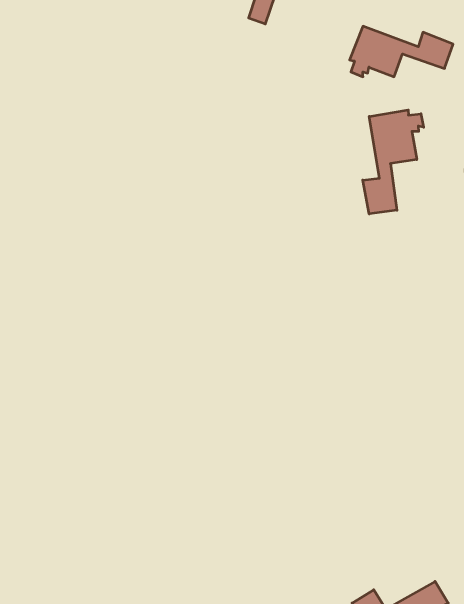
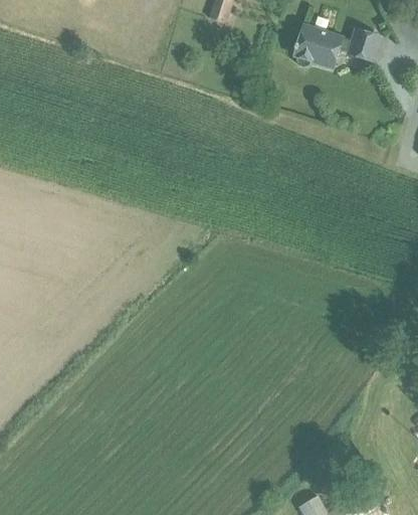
building: [363,110,424,214] -> none

